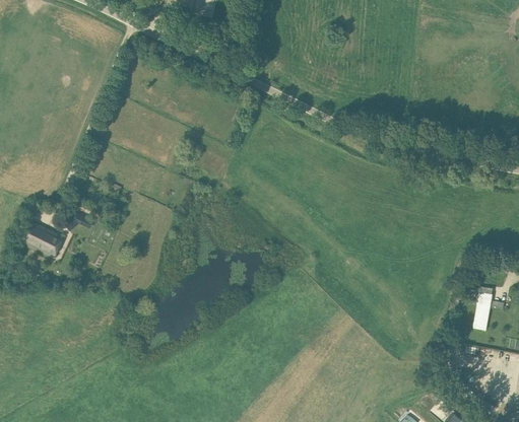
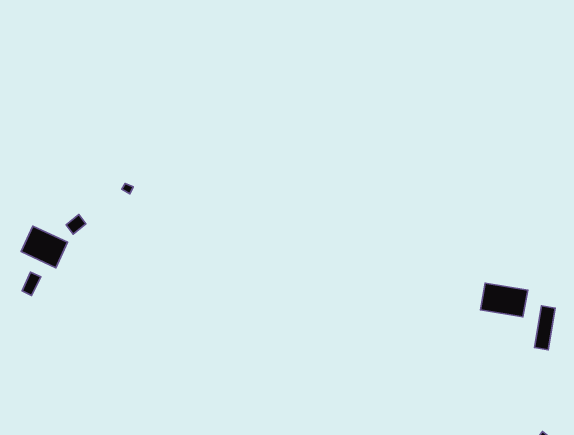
building: none -> [480,283,528,317]

